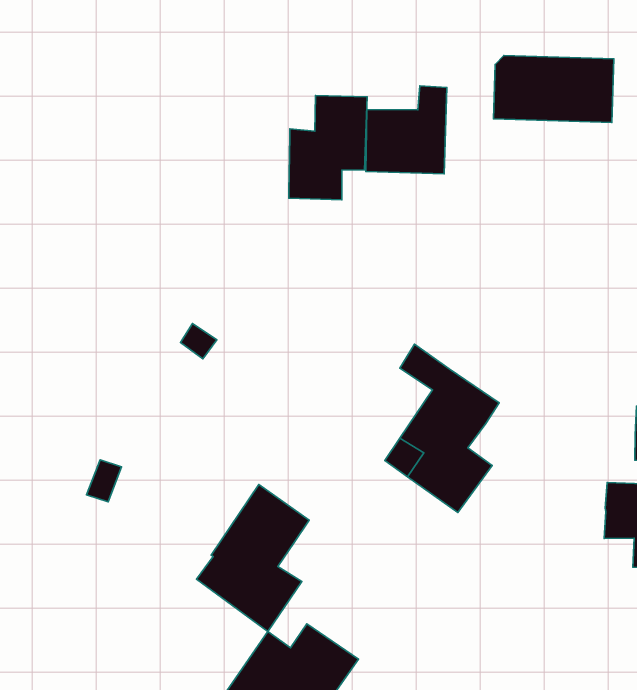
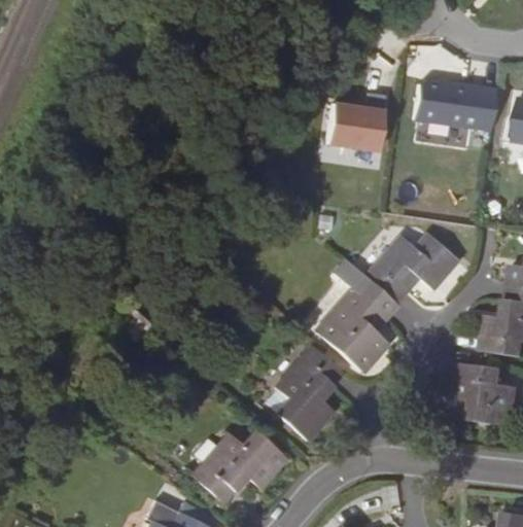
building: [289,95,367,200] -> none
building: none -> [367,235,458,304]
building: [197,485,309,631] -> [266,346,343,442]

